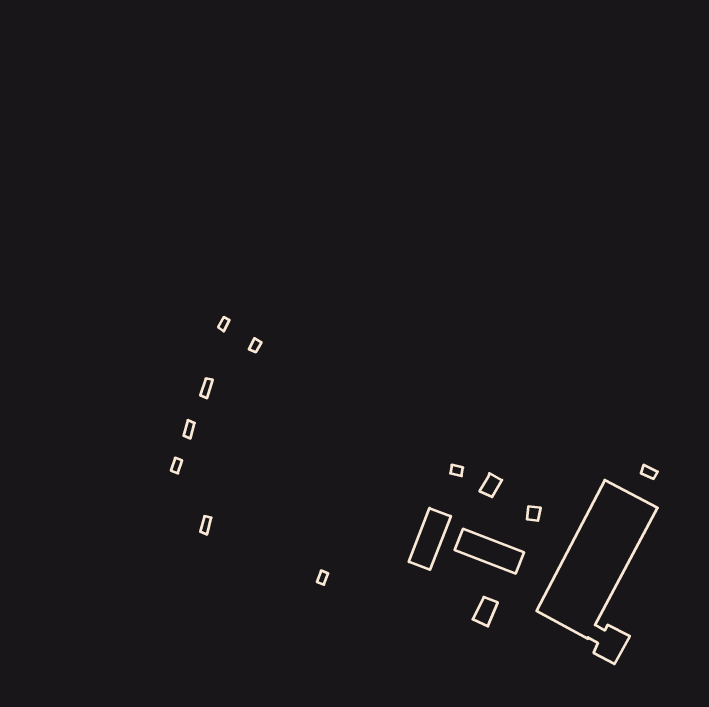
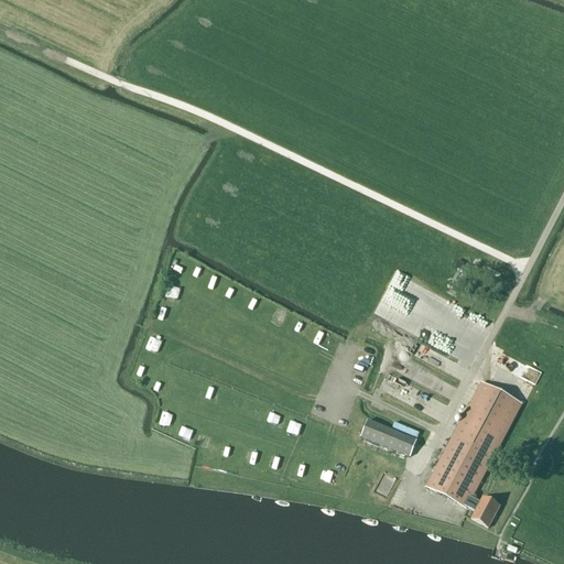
building: [409,508,451,570] -> none

